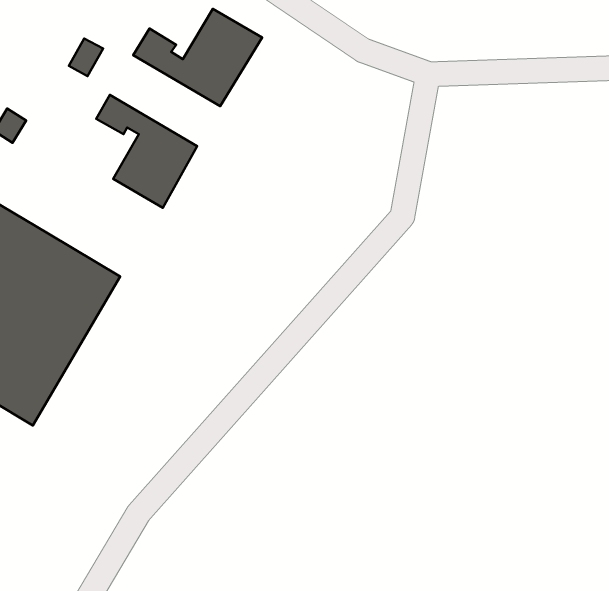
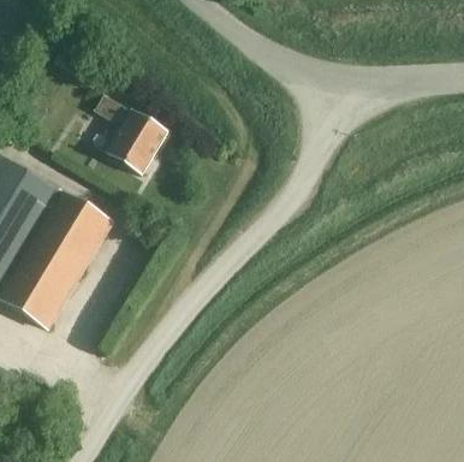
building: [133,9,262,106] -> none

